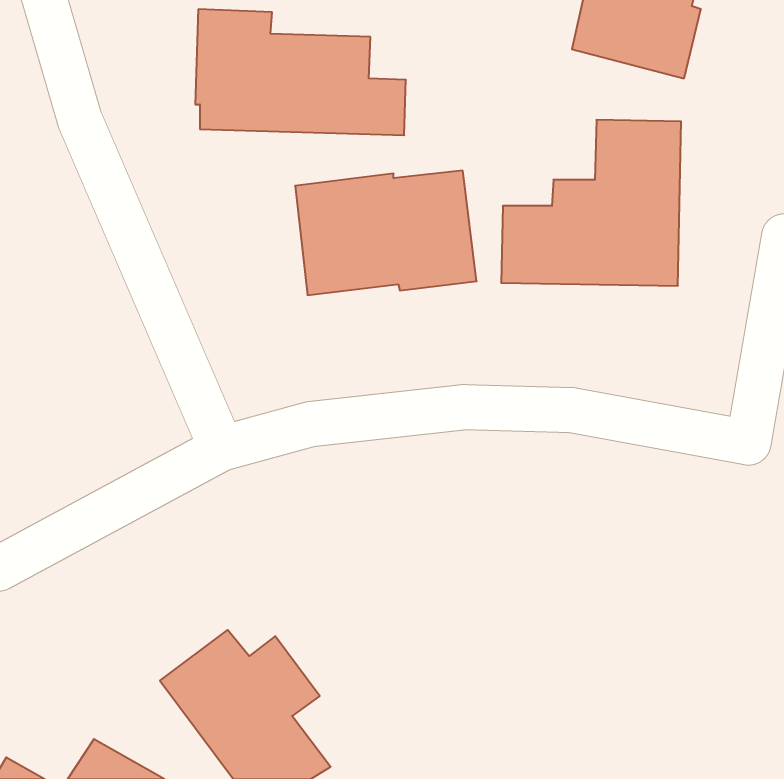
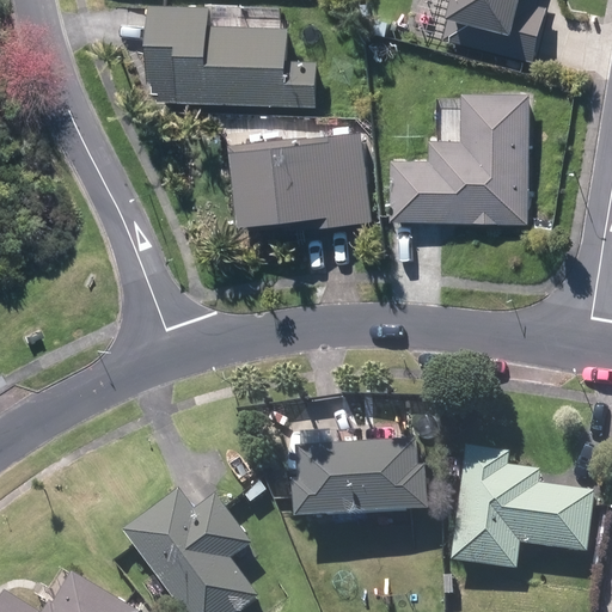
building: none -> [293,442,427,519]
building: none -> [449,446,593,565]

